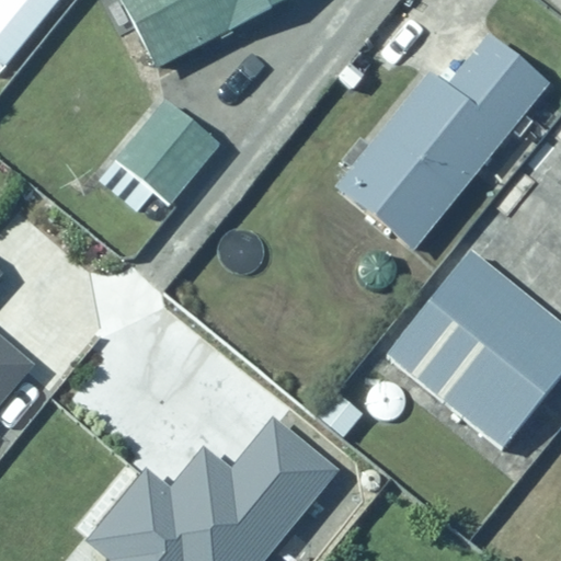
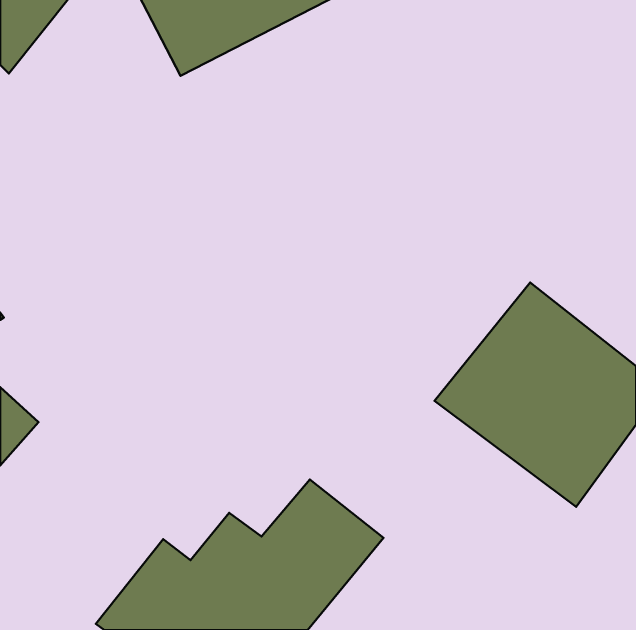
building: [336,36,548,248] -> none
building: [114,100,215,202] -> none

